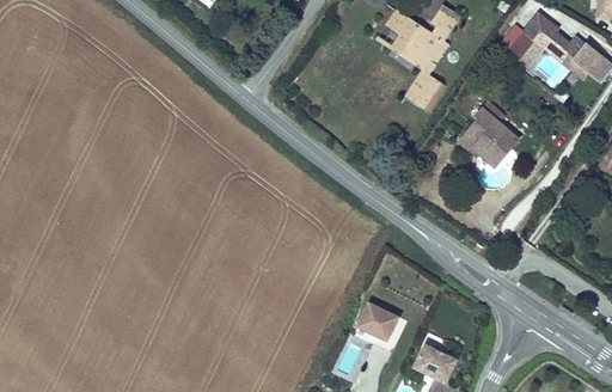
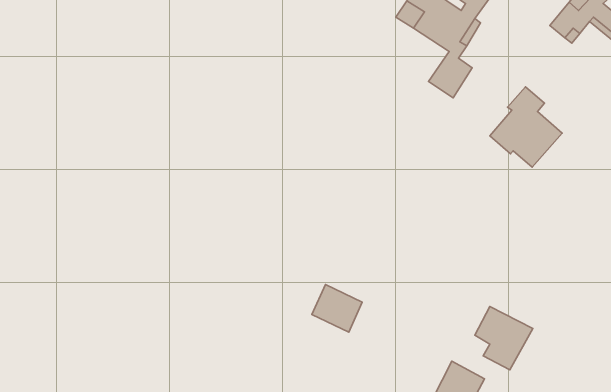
building: none -> [475,306,533,370]
building: [359,295,403,337] -> [312,284,362,332]

